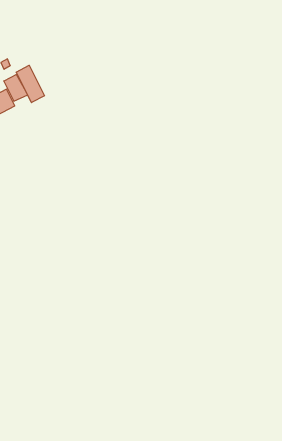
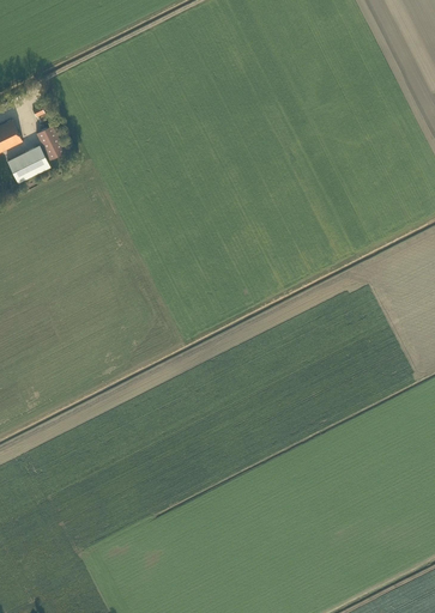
building: [16,65,44,103] -> none

